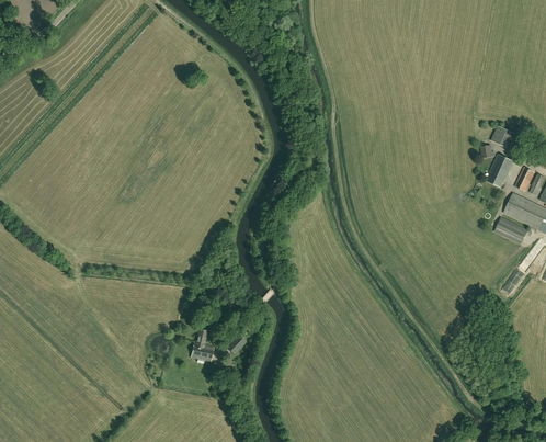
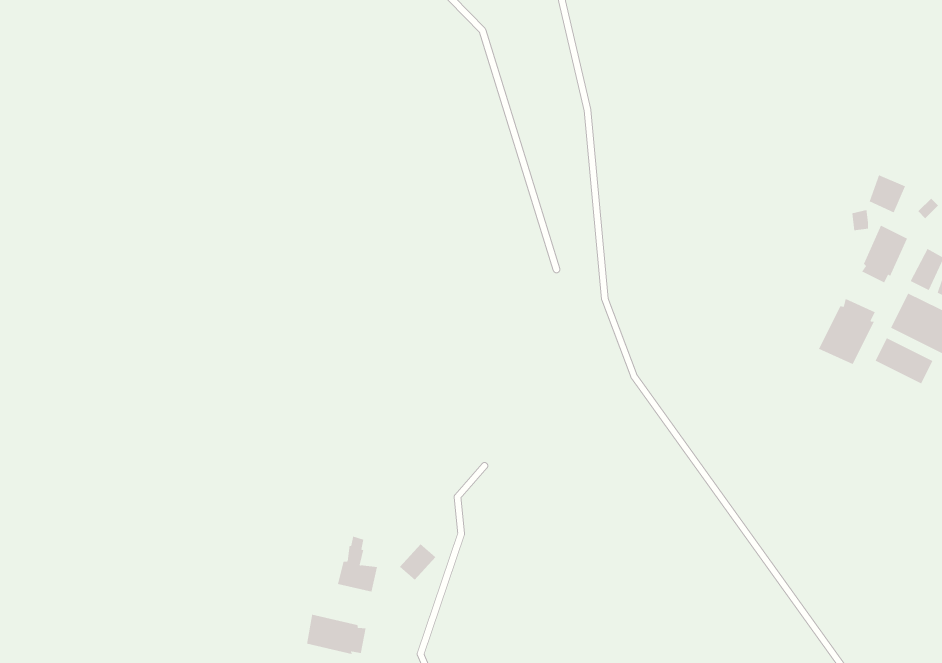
building: none -> [818,298,875,365]
building: none -> [306,614,366,655]

